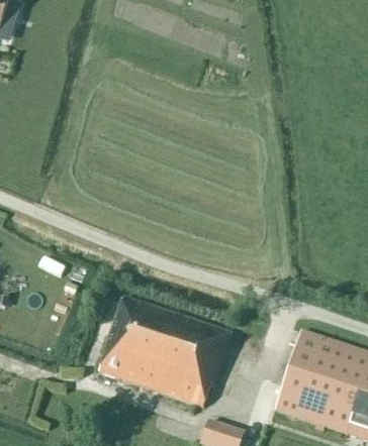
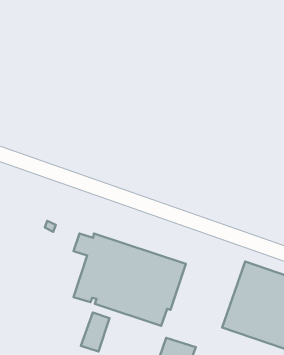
building: none -> [81,312,110,351]

